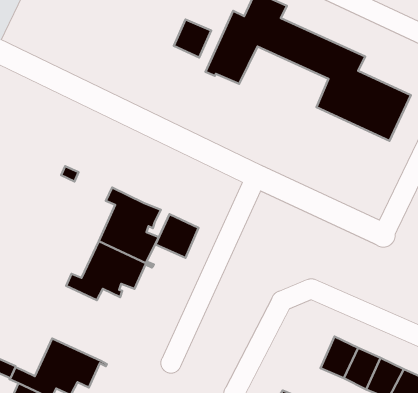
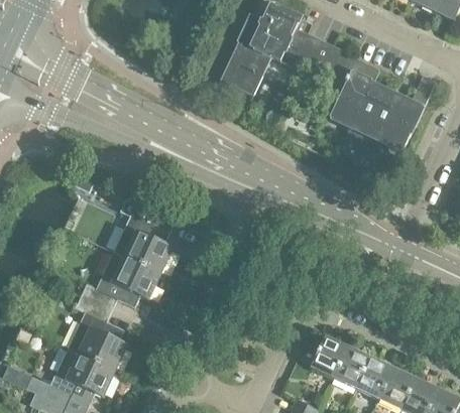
building: [174,19,211,58] -> none
building: [155,214,199,258] -> none
building: none -> [68,295,127,373]
building: none -> [312,335,348,377]

